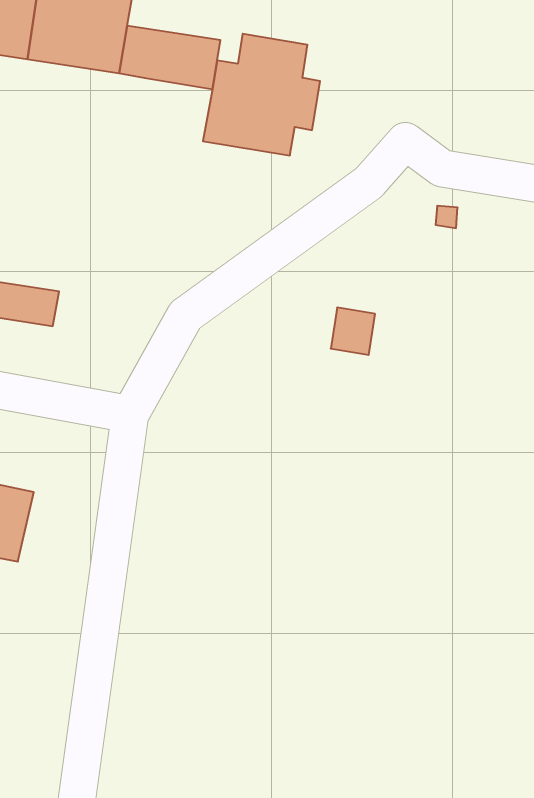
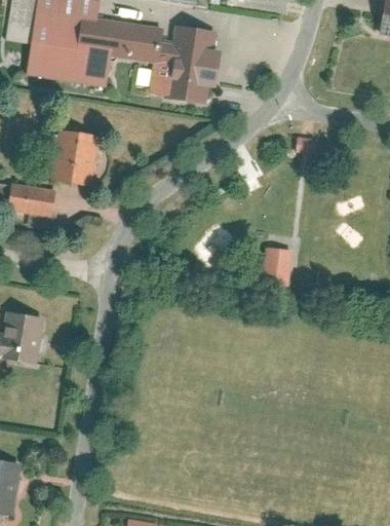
building: none -> [30,40,111,84]
building: none -> [50,129,98,186]
building: [331,308,375,355] -> [266,248,295,278]

